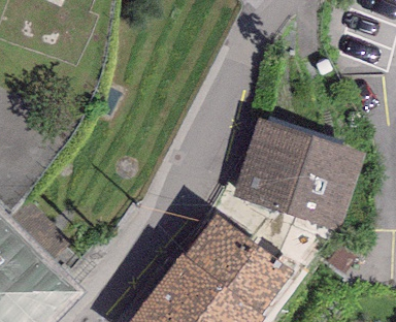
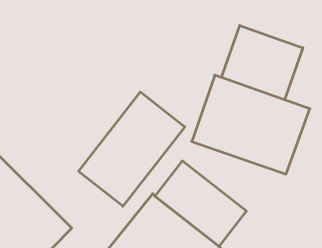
building: none -> [221,25,303,100]
building: none -> [79,92,185,206]

